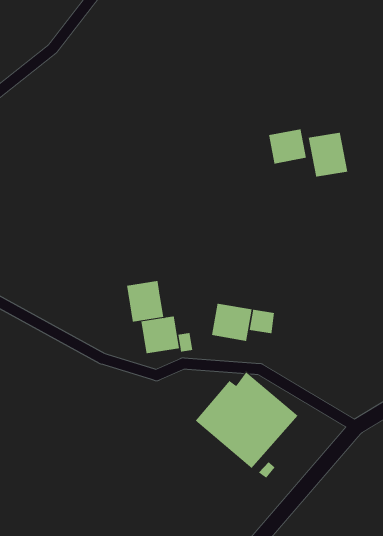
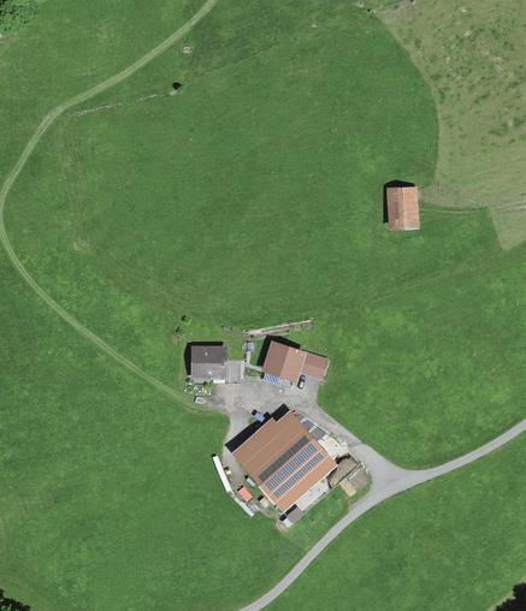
building: [269,128,307,164] -> none
building: [126,280,164,323] -> none

